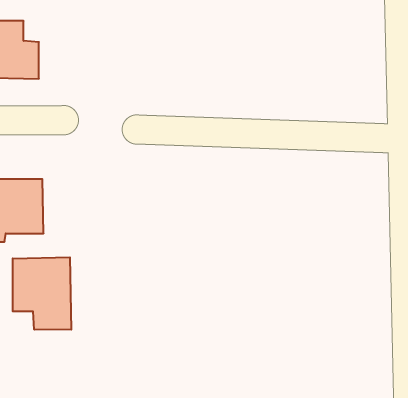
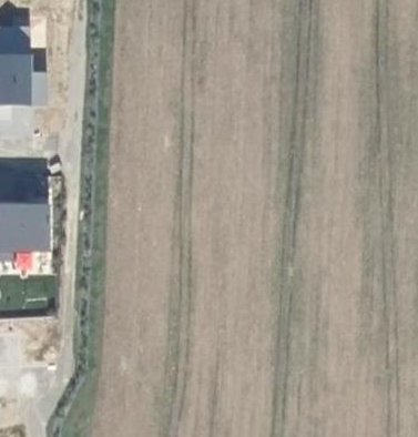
building: [13,257,71,330] -> none

